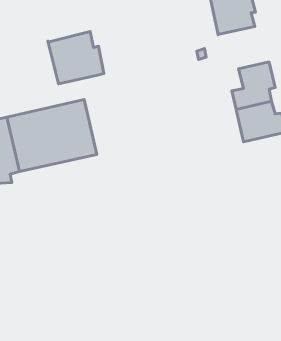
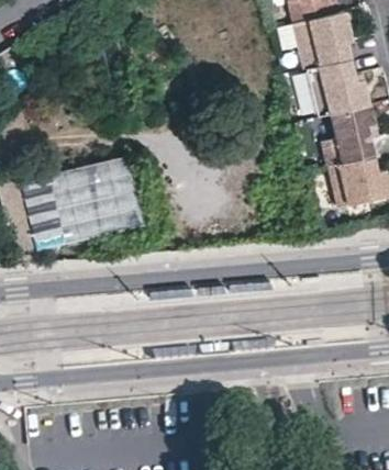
building: none -> [305,60,368,119]
building: [48,32,104,84] -> none

